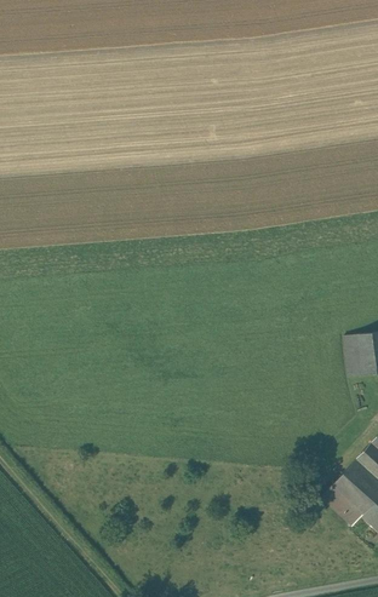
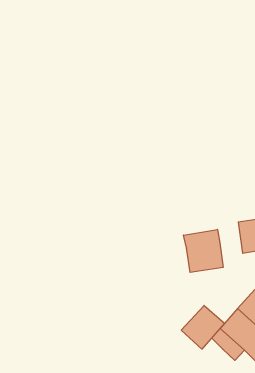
building: none -> [184,229,223,272]
building: none -> [181,305,224,349]

